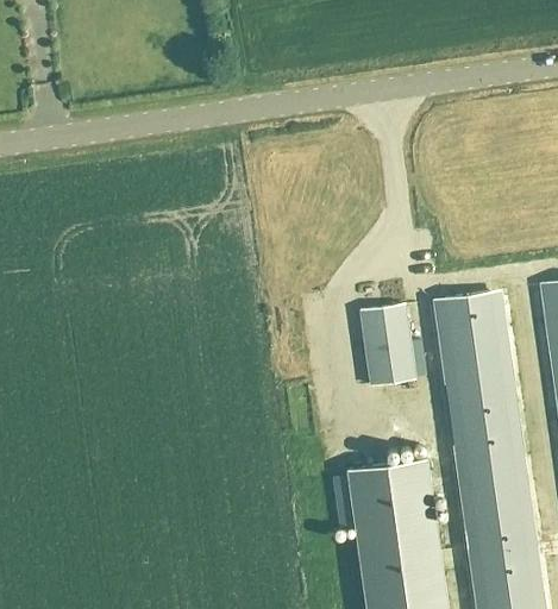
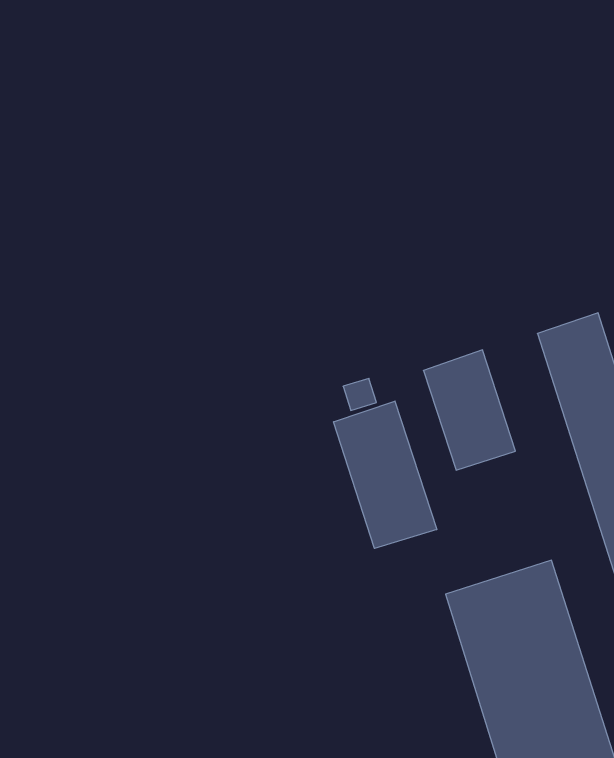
building: none -> [334,401,437,548]

